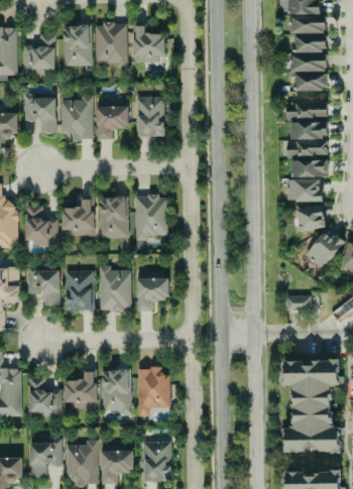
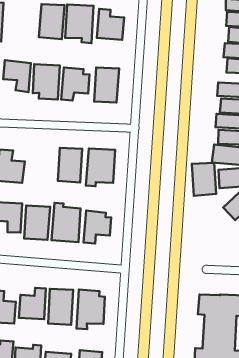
building: [22,34,55,74] -> none
building: [62,199,94,236] -> none
building: none -> [192,163,216,196]
building: [285,295,313,314] -> none

